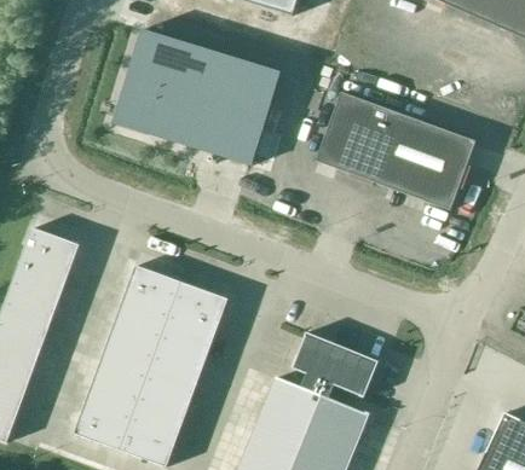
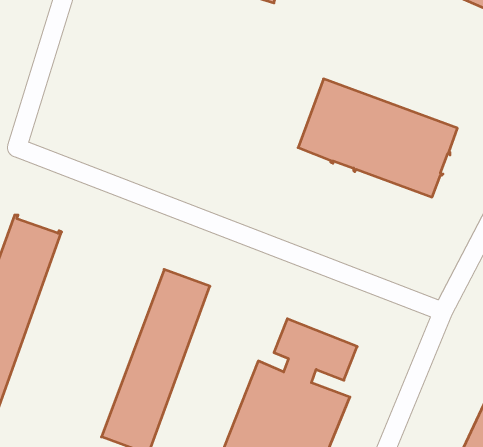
building: [112,29,281,166] -> none
building: [74,266,181,451] -> none

